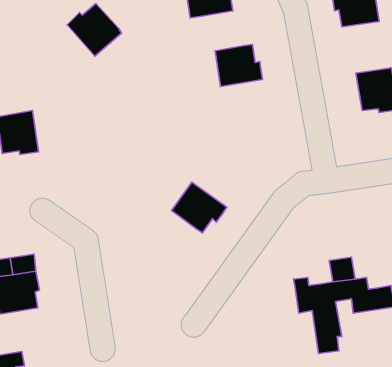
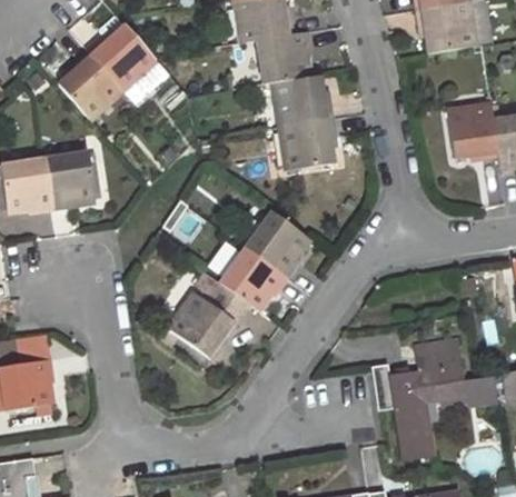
building: none -> [256,31,312,85]
building: none -> [57,51,122,119]
building: none -> [279,119,336,171]
building: none -> [44,151,96,209]
building: none -> [244,211,308,278]
building: none -> [167,282,250,358]

